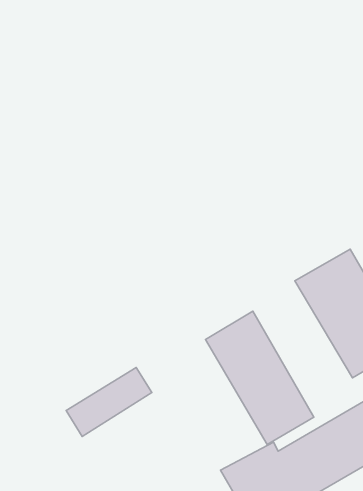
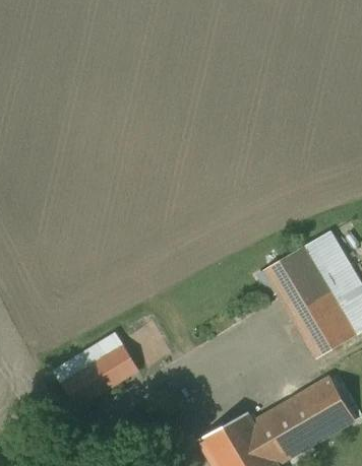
building: [206,311,314,445] -> none

